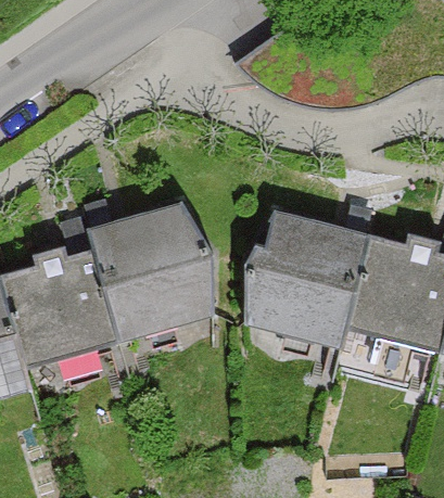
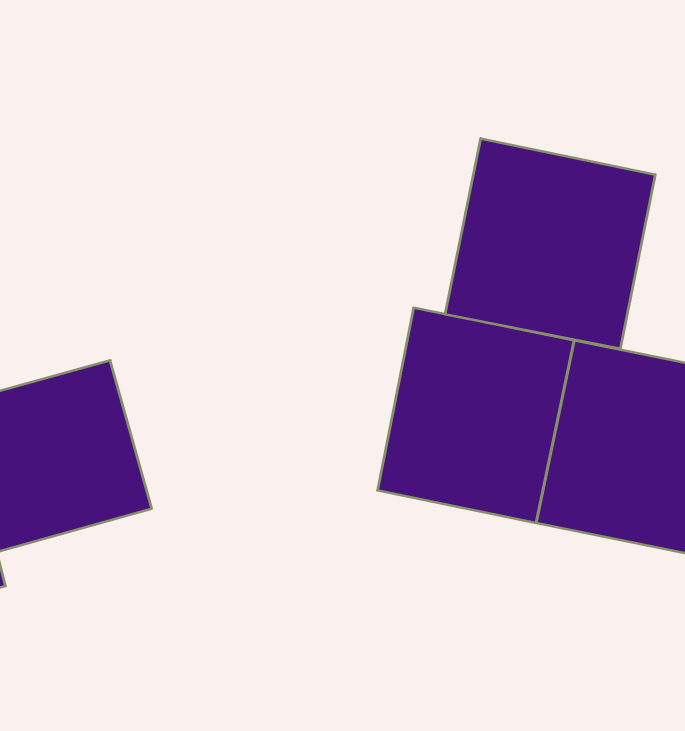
building: none -> [445,138,655,349]
building: [89,202,218,337] -> none

